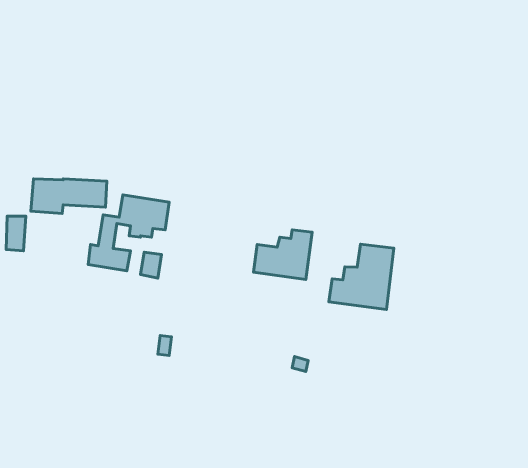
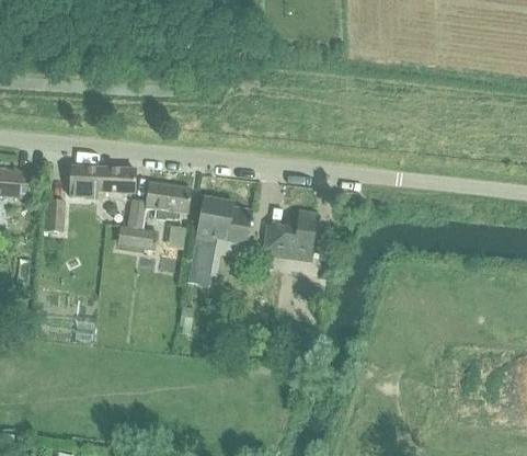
building: none -> [188,195,253,285]
building: [329,244,394,309] -> none

